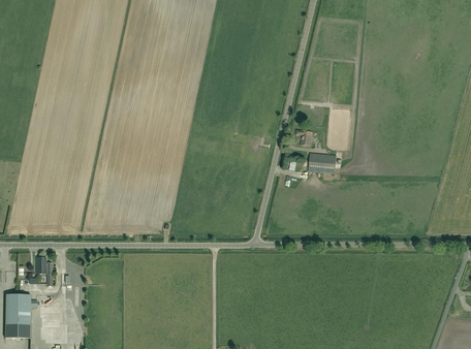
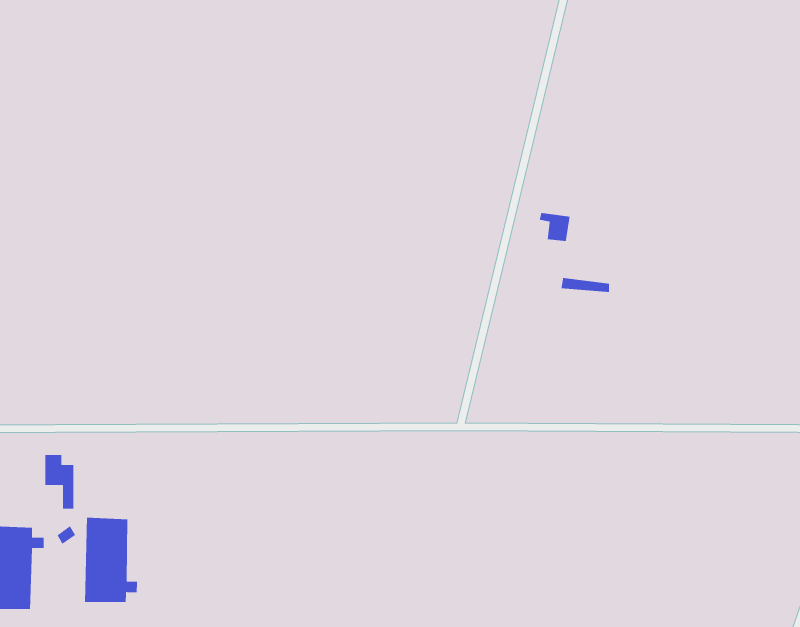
building: none -> [84,517,138,603]

